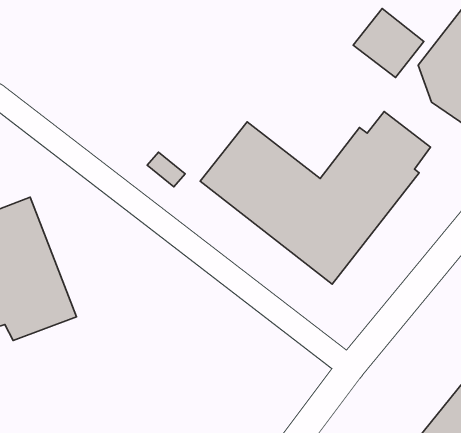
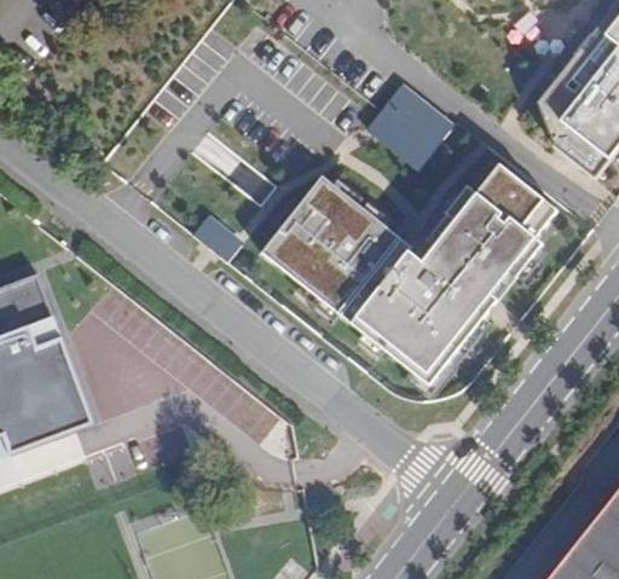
building: [353,9,424,77] -> [364,85,455,173]

